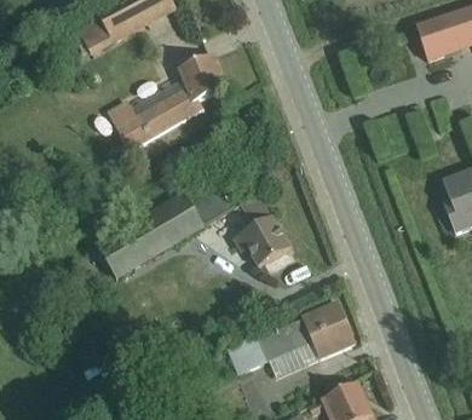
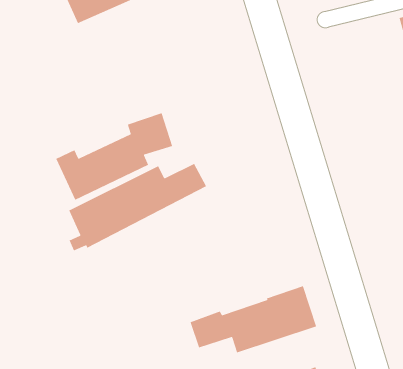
building: [108,54,226,150] -> [55,112,173,201]
building: [232,192,290,266] -> none

